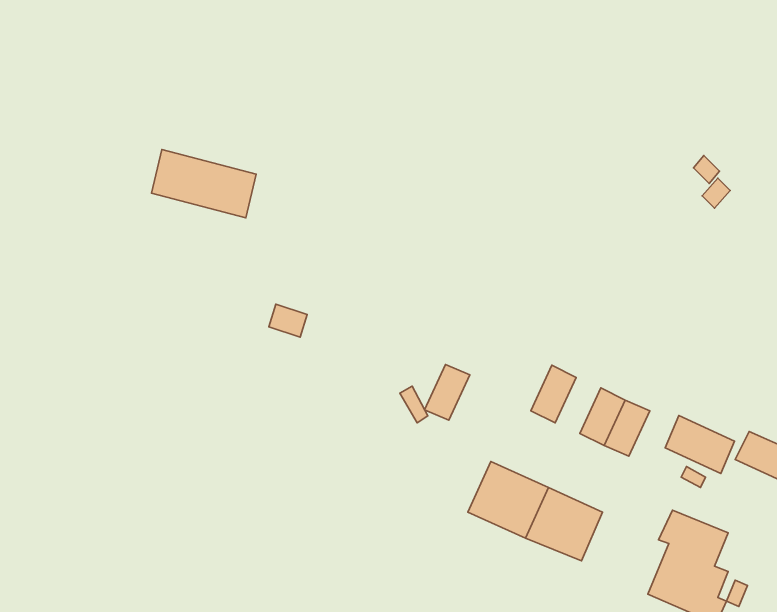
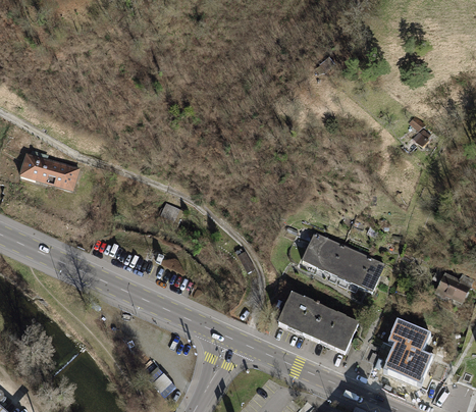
building: [151,150,256,218] -> [19,151,81,191]
building: [425,364,470,420] -> [301,231,327,264]
building: none -> [329,245,356,277]
building: [665,416,735,474] -> none

